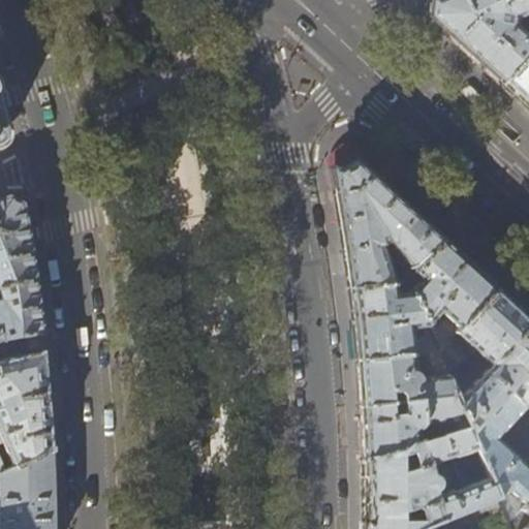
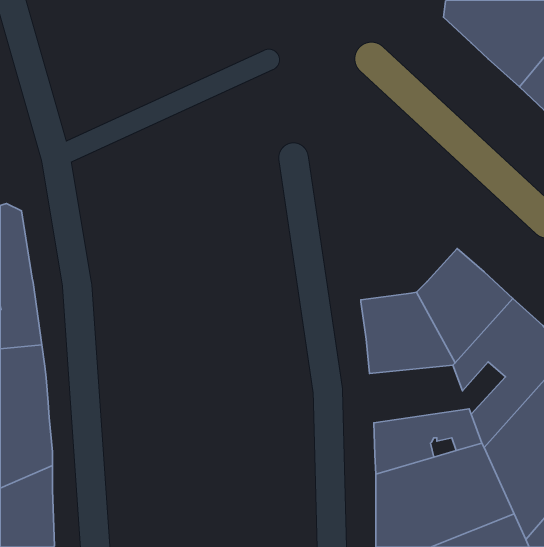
building: [334,158,444,289] -> none
building: [360,352,456,408] -> none

